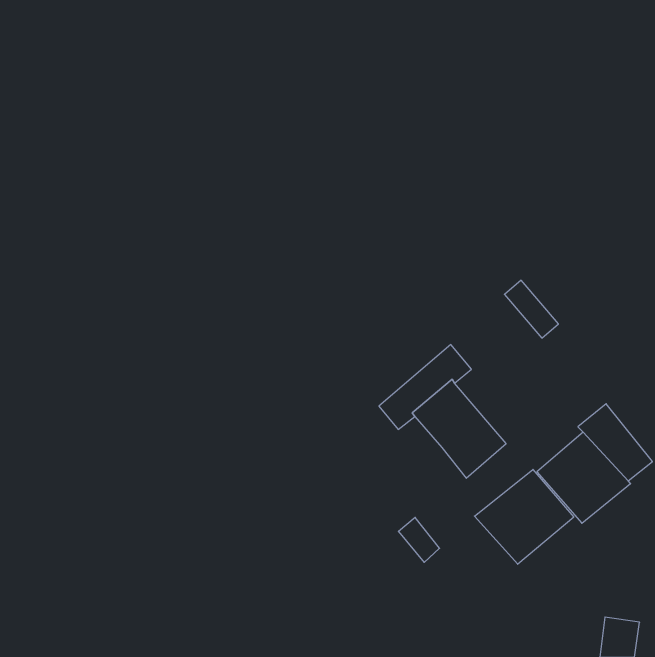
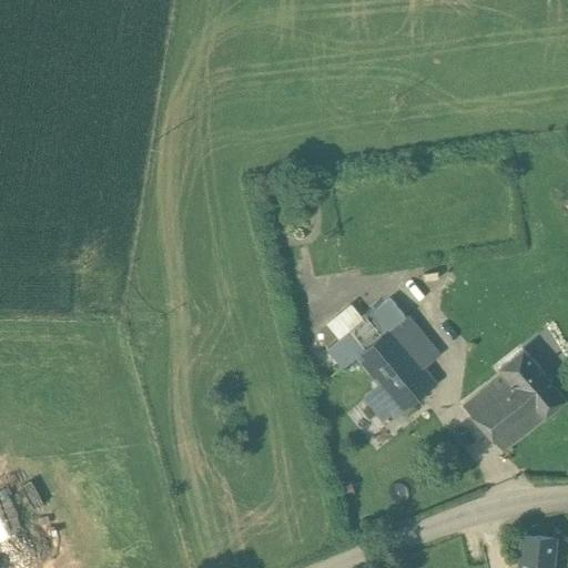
building: [504,280,558,338] -> [394,318,440,368]
building: [474,469,574,564] -> none
building: [398,517,440,562] -> [368,386,404,425]

